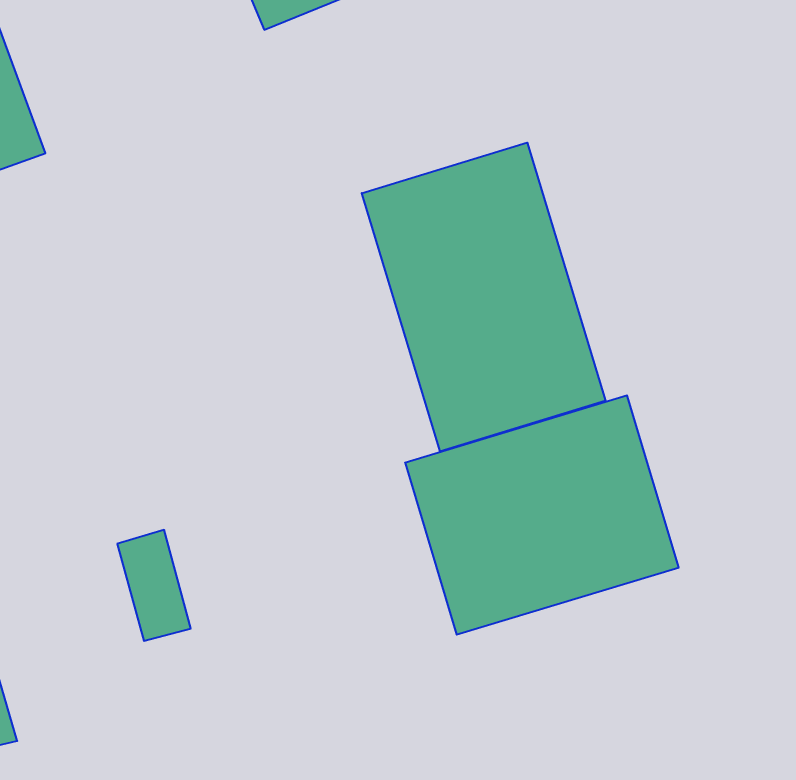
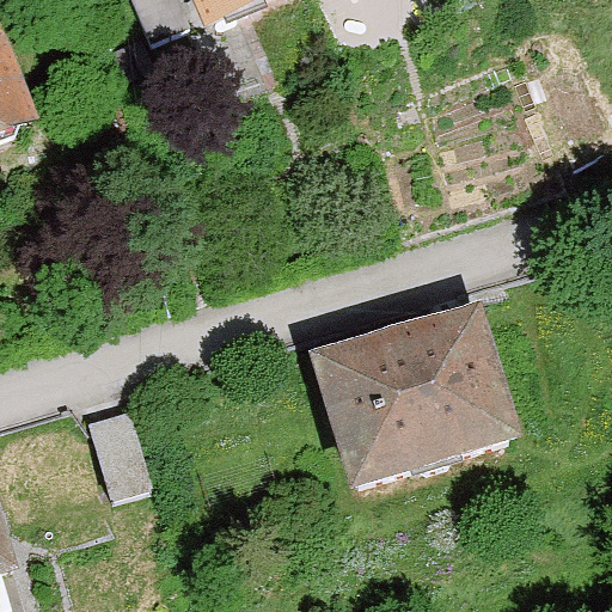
building: [362,143,605,451] -> none

